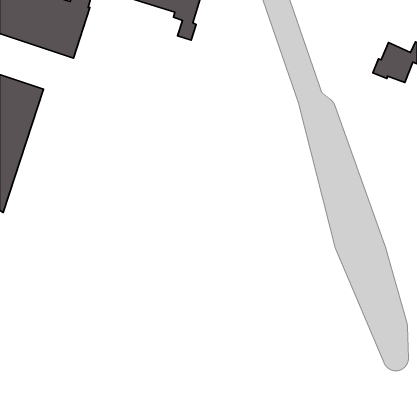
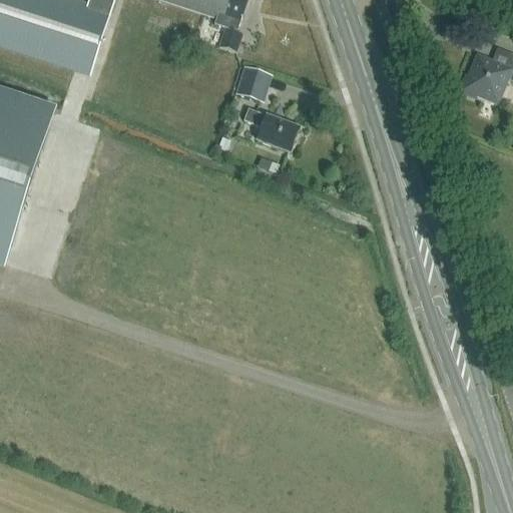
building: none -> [234,65,271,100]
building: none -> [242,107,298,149]

